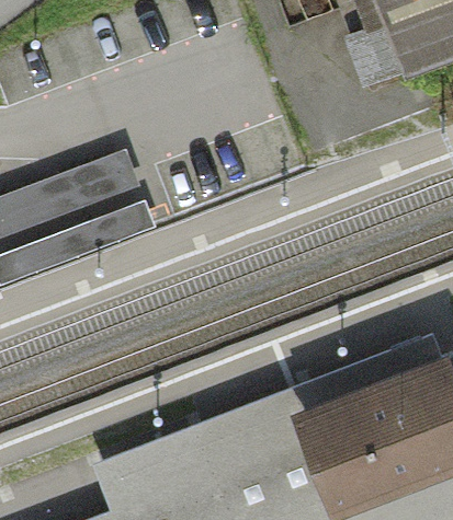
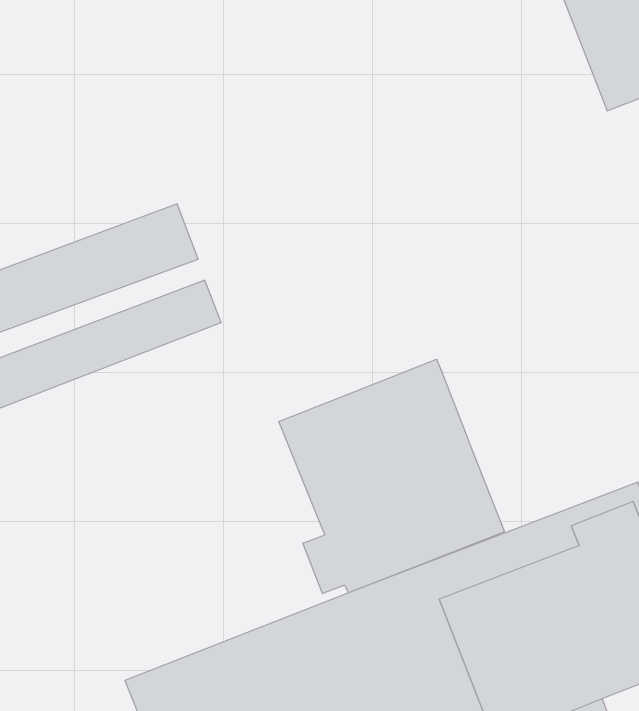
building: none -> [279,359,505,594]

